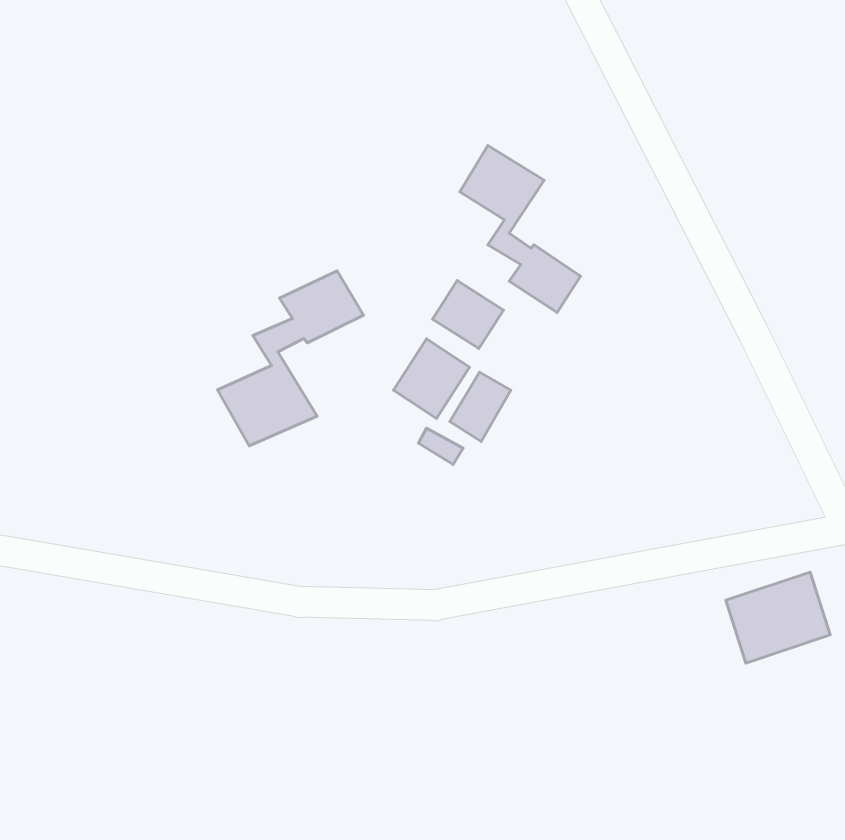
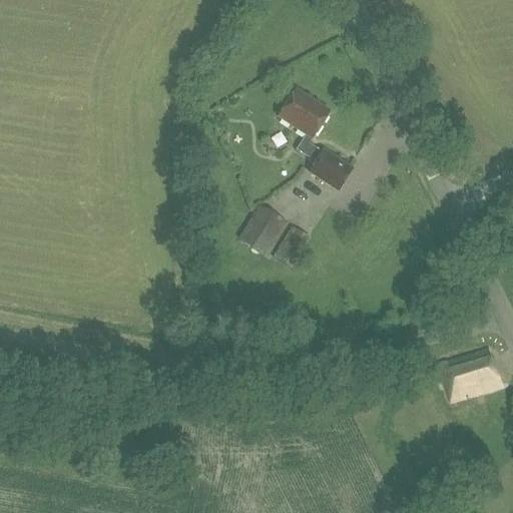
building: [218,271,363,446] -> none
building: [432,281,504,349] -> none

